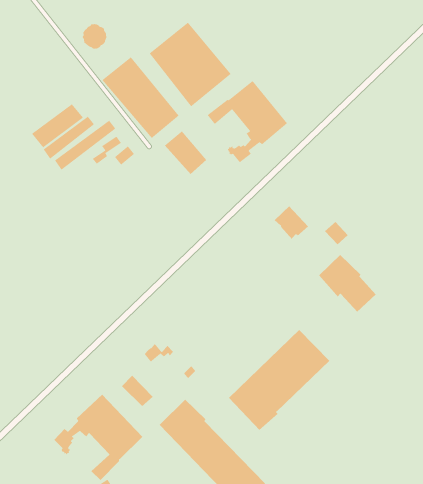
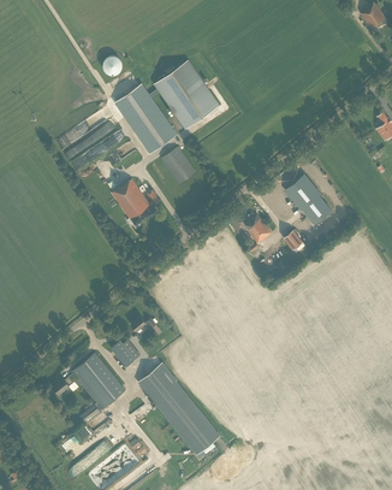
building: [207,80,288,163] -> none
building: none -> [111,178,159,225]
building: [318,254,377,313] -> [286,176,332,224]
building: [228,329,330,431] -> none

